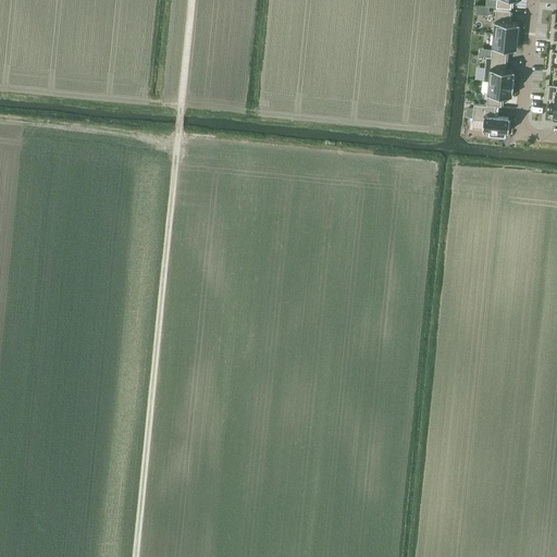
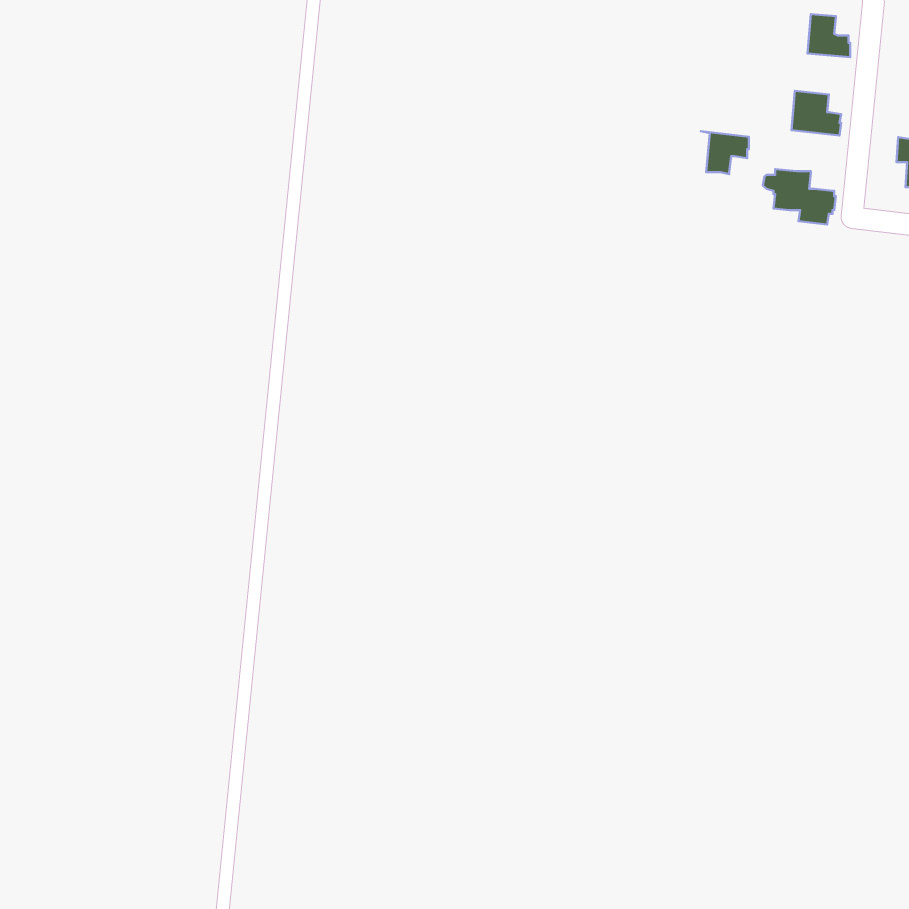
building: [486,34,520,59] -> none
building: [484,81,513,107] -> [701,131,749,174]

